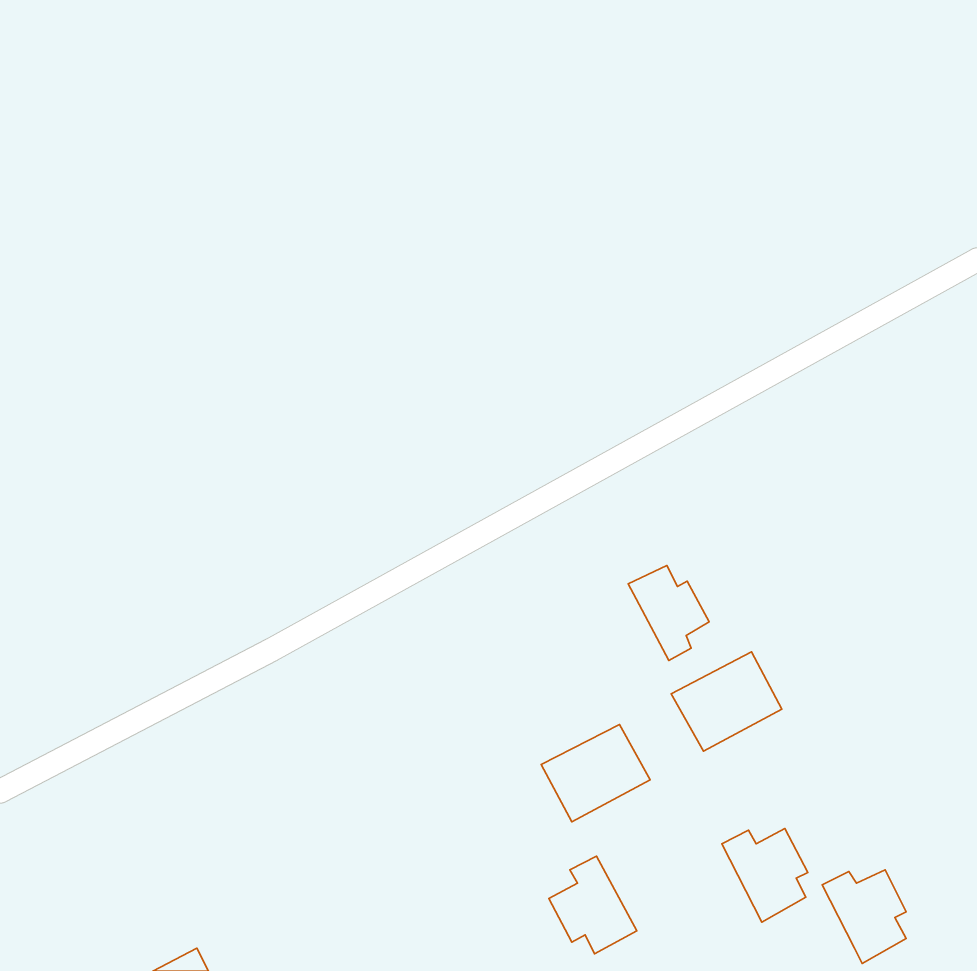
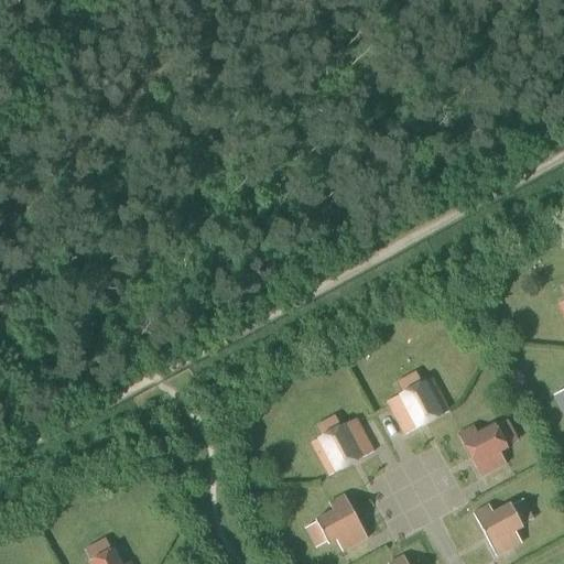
building: [628,565,709,660] -> none
building: [722,828,808,922] -> [458,422,508,476]

